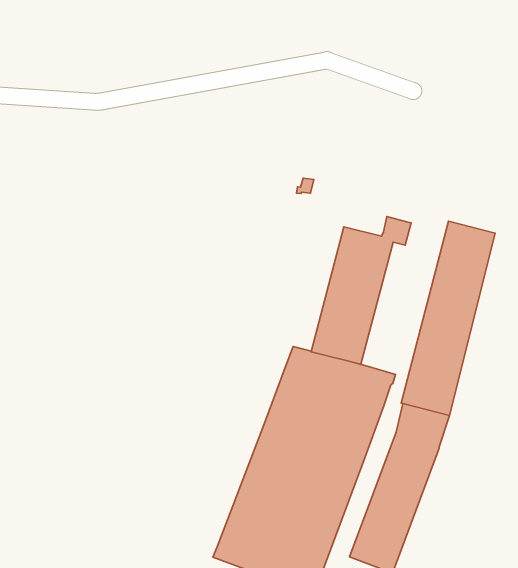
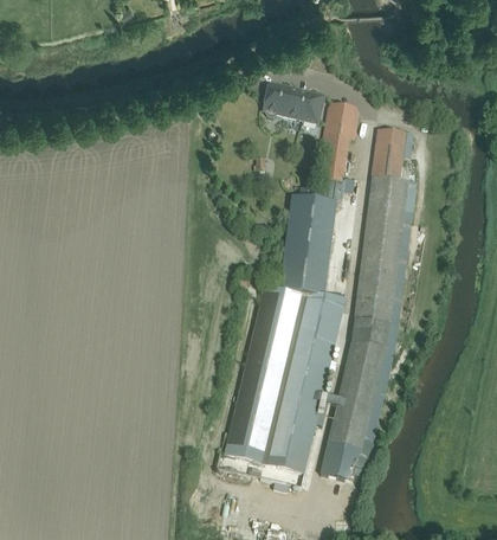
building: none -> [263,82,322,123]
building: none -> [322,105,357,182]
building: none -> [370,130,413,182]

